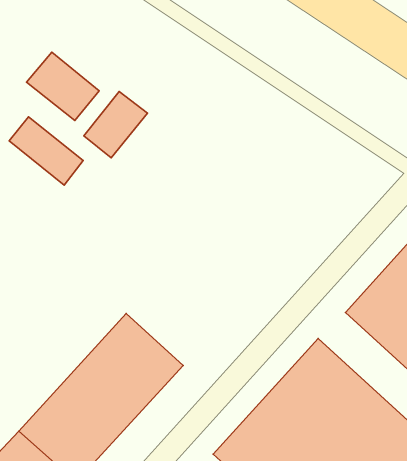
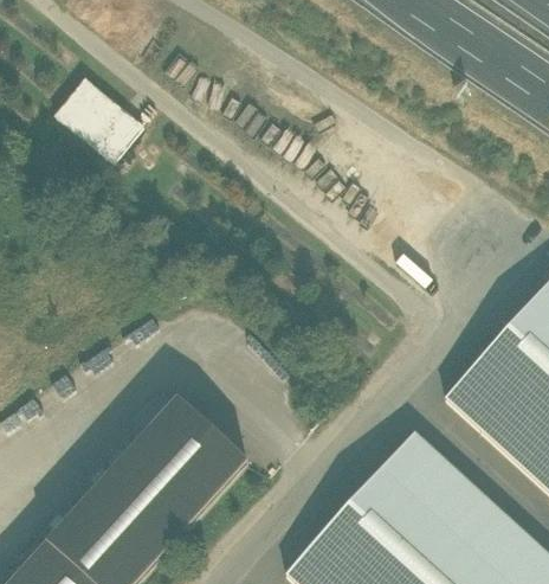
building: [84,92,147,158] -> none
building: [9,117,83,185] -> none

